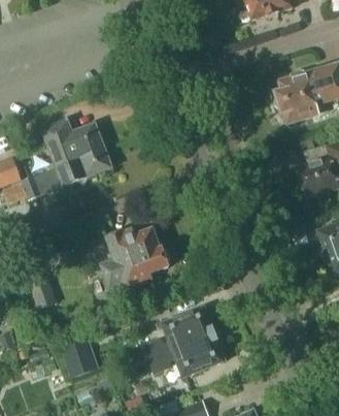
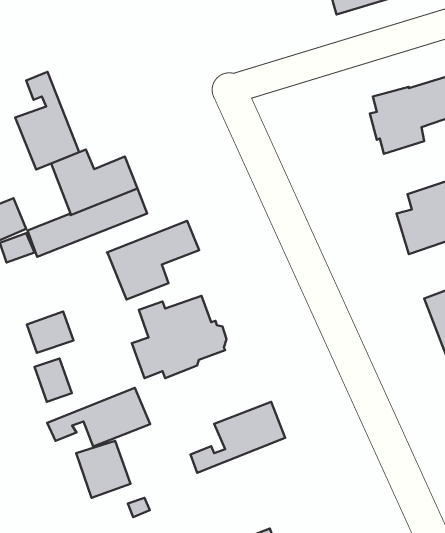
building: none -> [15,72,79,169]
building: none -> [107,221,199,300]
building: none -> [27,312,74,353]
building: [148,333,225,377] -> [47,388,150,446]

